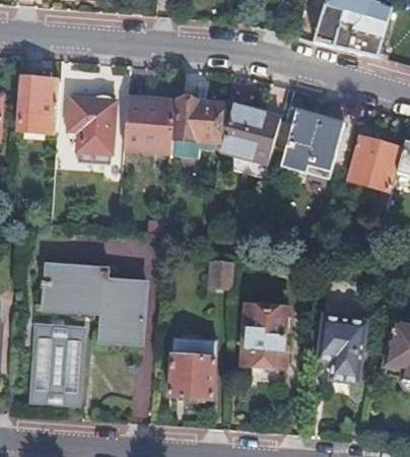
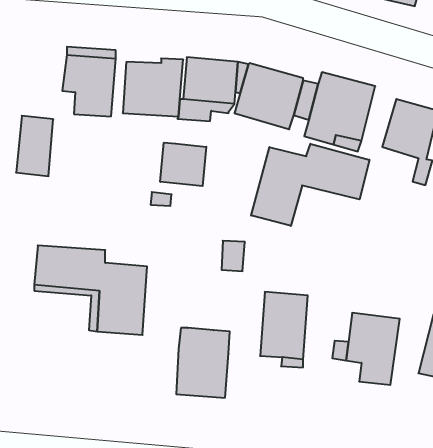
building: [21,77,54,130] -> [16,116,53,176]
building: none -> [160,143,206,186]
building: none -> [251,144,369,226]
building: [29,322,83,401] -> none

